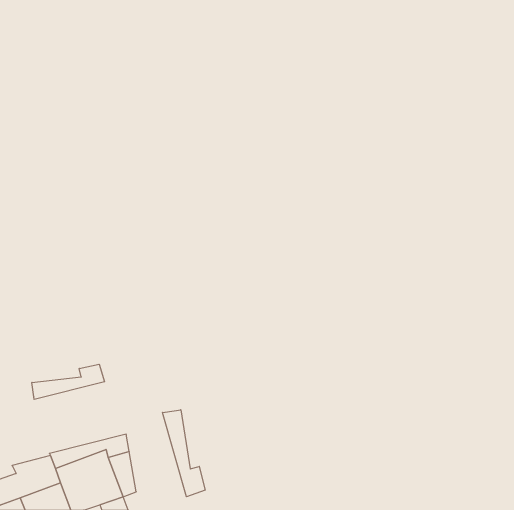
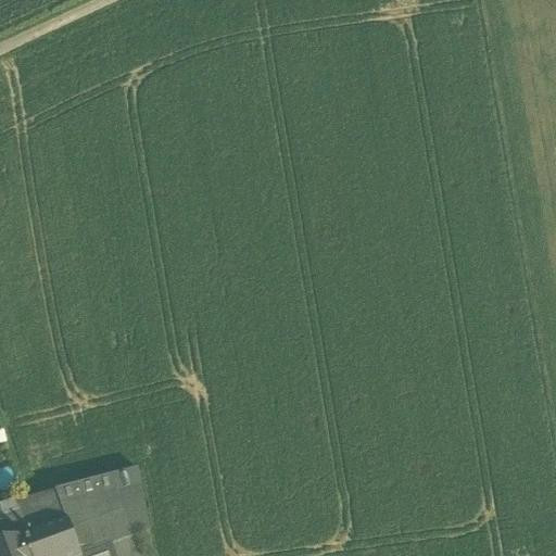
building: [32,364,105,399] -> none
building: [163,410,205,497] -> none

